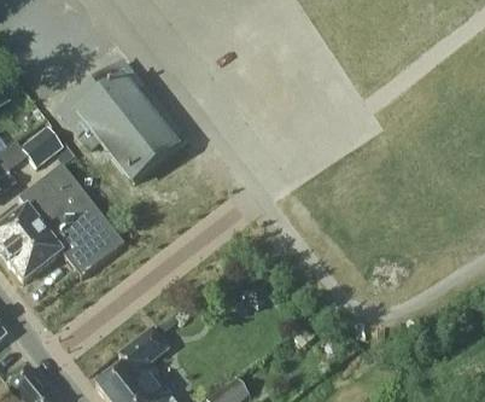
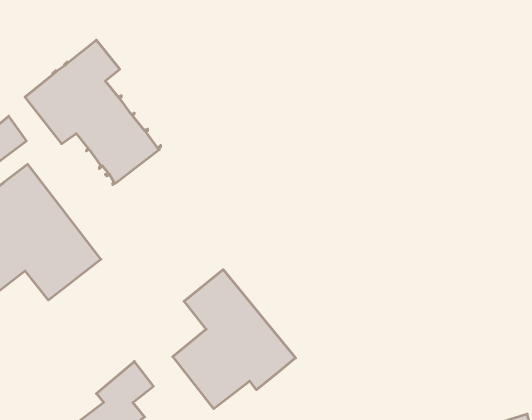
building: none -> [173,270,296,409]

